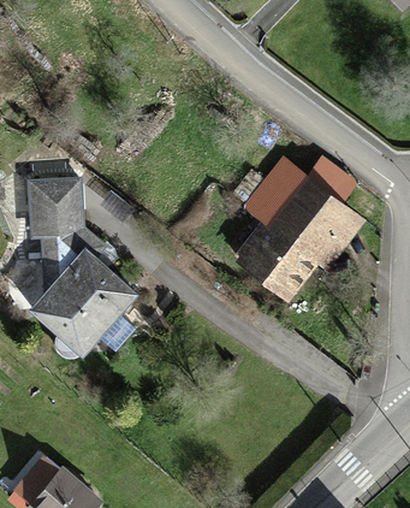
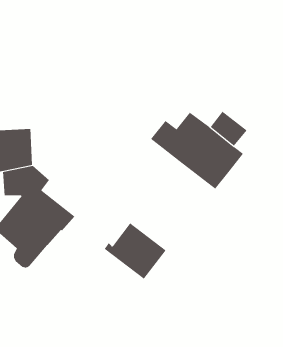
building: [237,221,317,295] -> [104,223,166,280]

